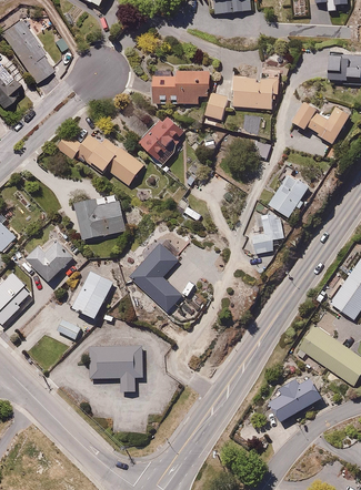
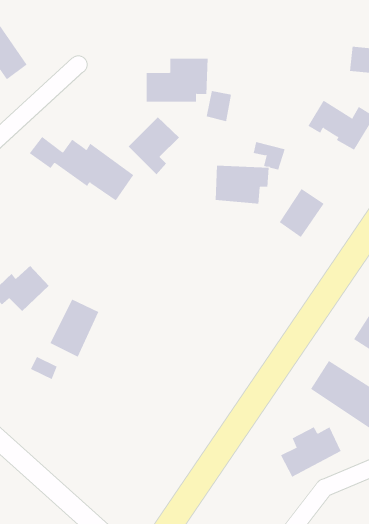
building: [232,76,279,110] -> [215,165,269,204]
building: [69,195,127,239] -> none
building: [249,215,283,254] -> none
building: [128,245,180,313] -> none
building: [89,345,142,391] -> none

